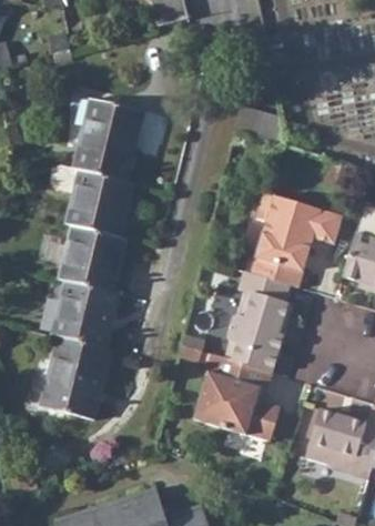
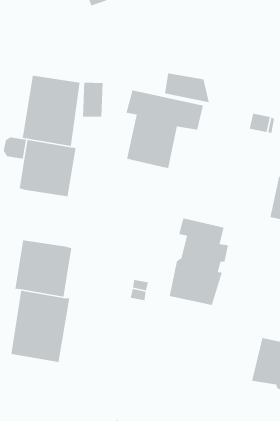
building: [247,193,338,284] -> [126,90,204,169]
building: [59,225,125,291] -> none
building: [192,351,277,439] -> none

